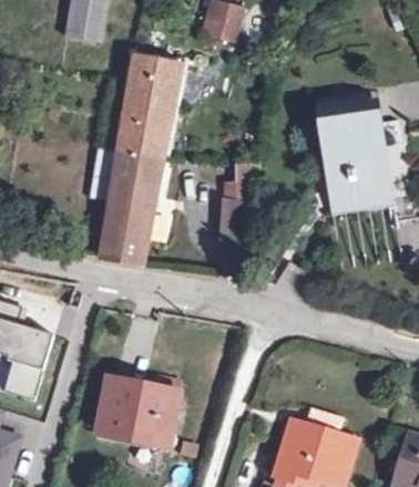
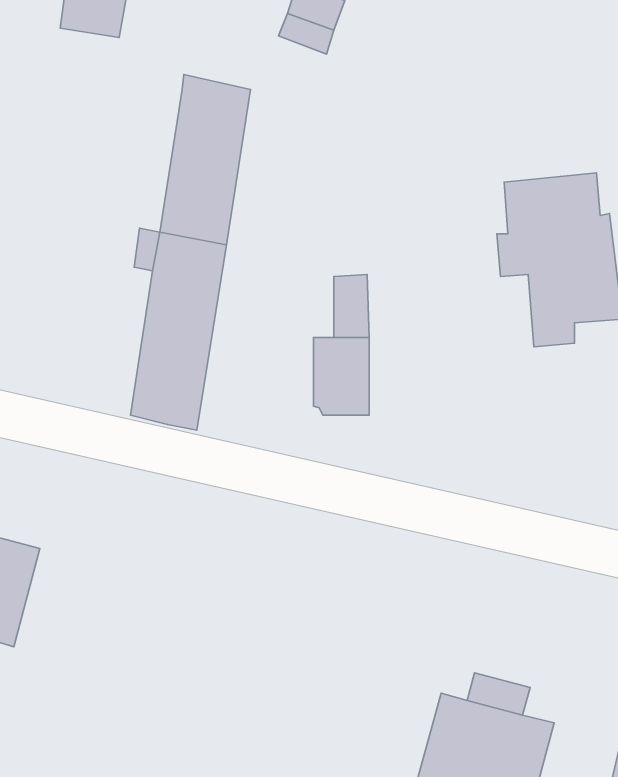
building: [98,382,182,445] -> none

